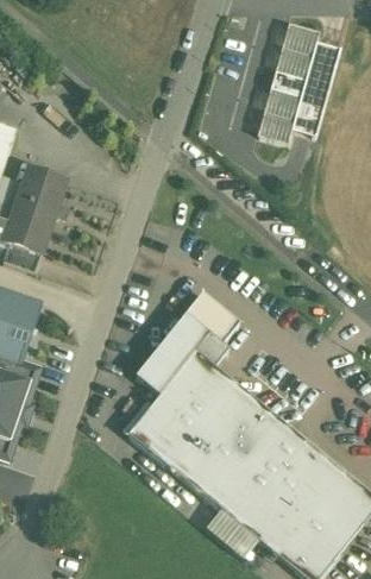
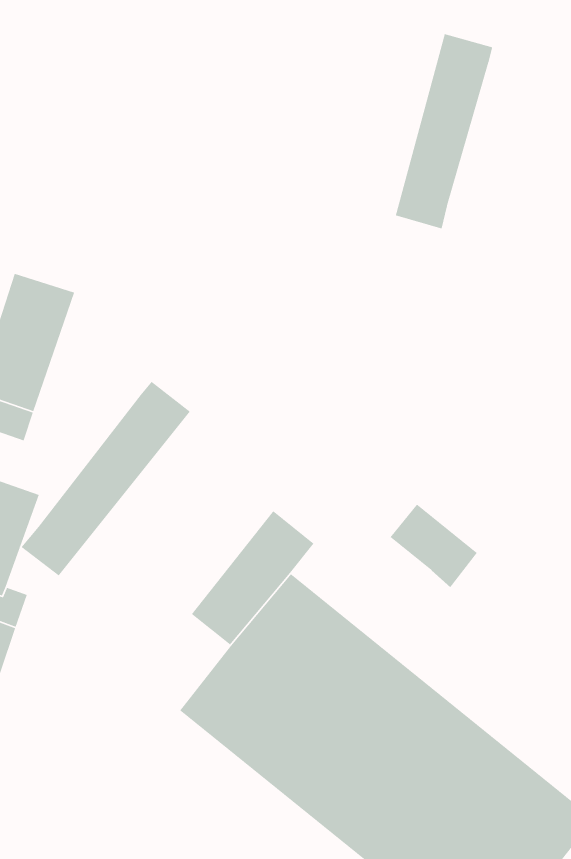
building: [290,42,339,136] -> none
building: none -> [21,381,191,576]
building: [184,292,238,344] -> [390,504,478,588]

